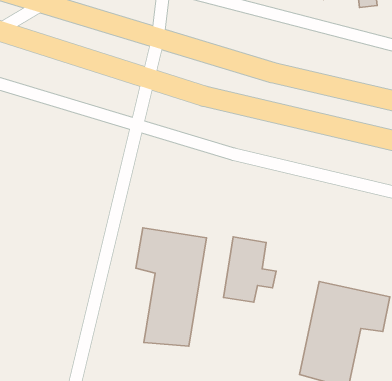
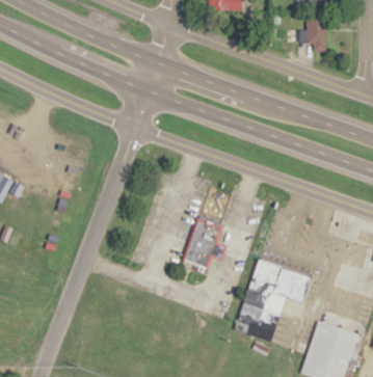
building: [136,228,206,346] -> none

